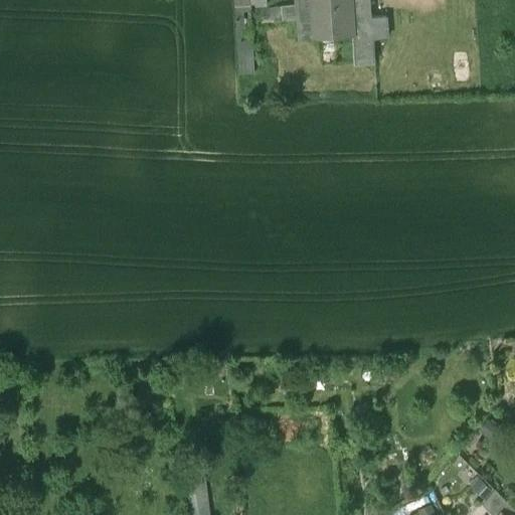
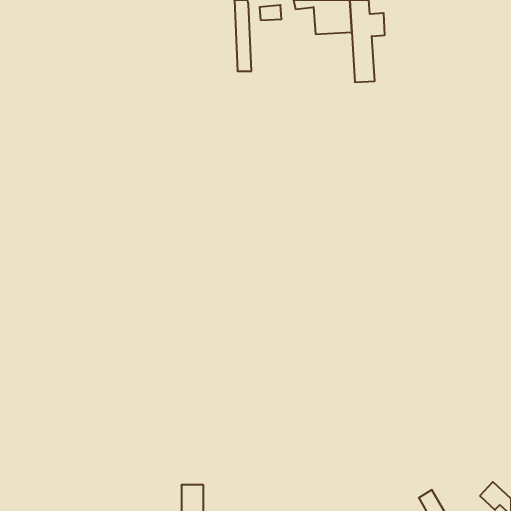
building: [297,8,317,36] -> none

